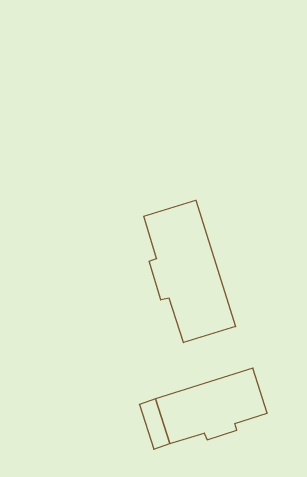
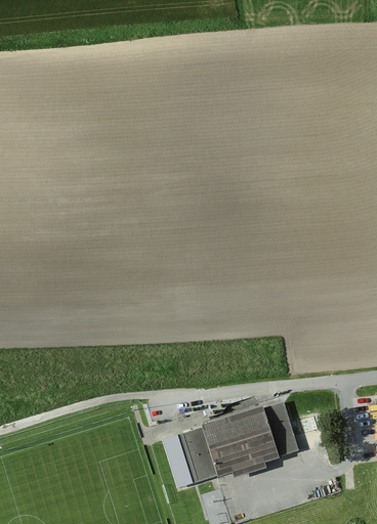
building: [144,200,236,343] -> none

